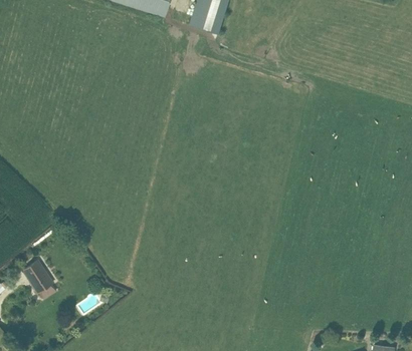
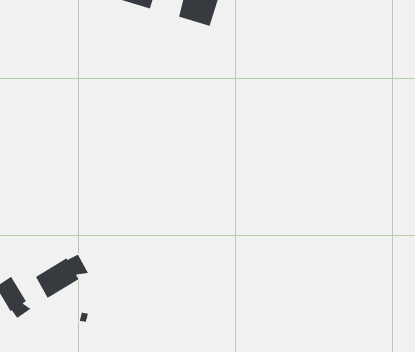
building: none -> [35,254,89,299]

